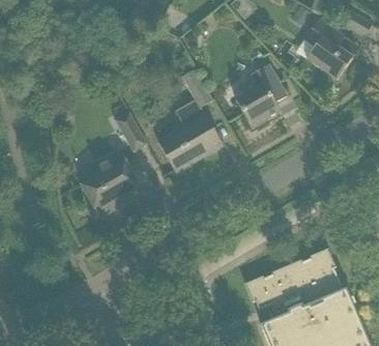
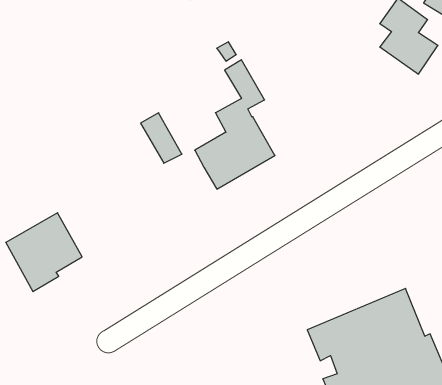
building: [235,64,287,128] -> none
building: [78,153,139,217] -> [6,213,82,292]

